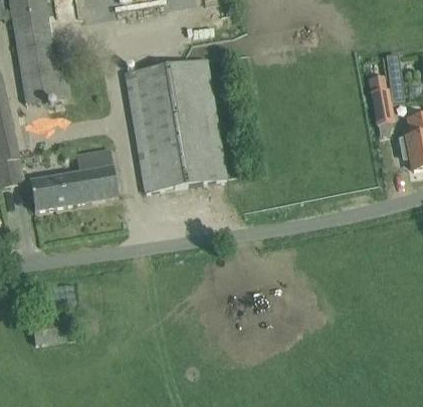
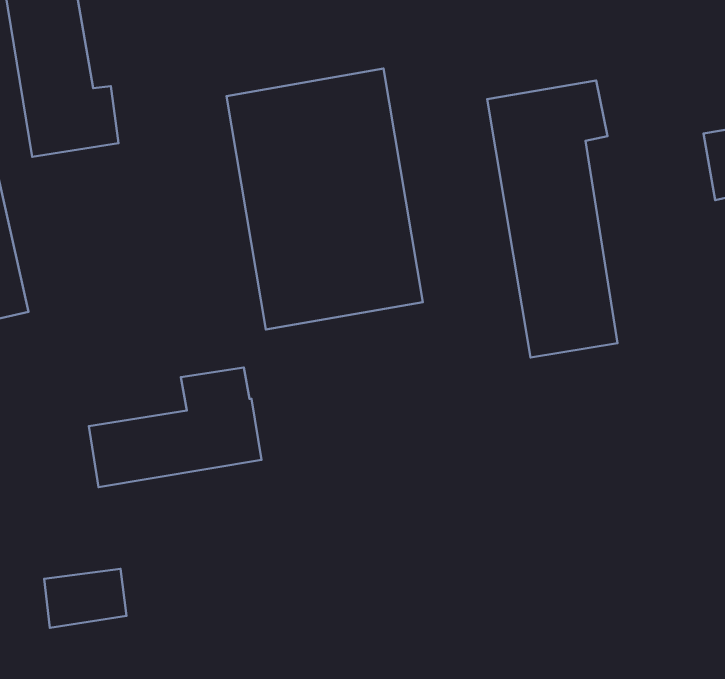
building: none -> [487,80,618,357]
building: [30,149,119,210] -> [89,367,261,487]

